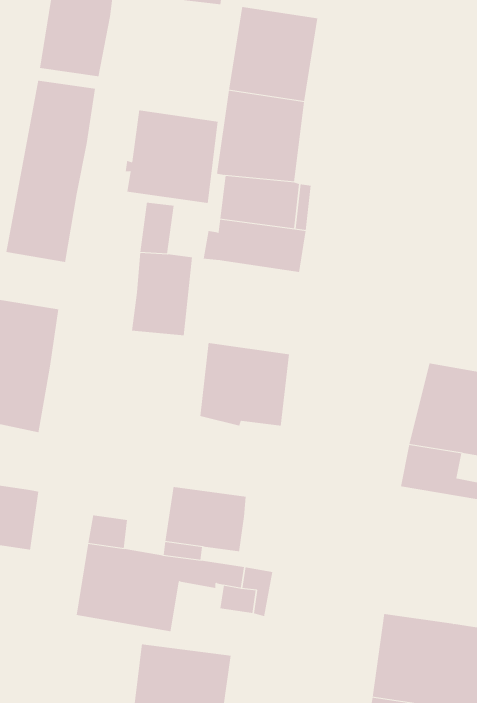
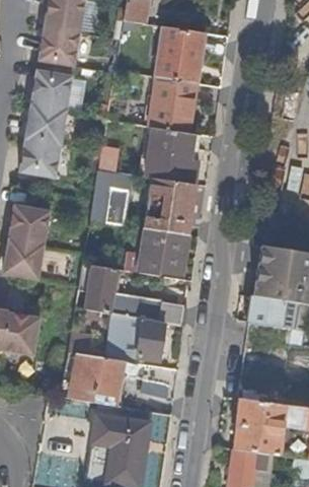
building: [125,110,219,204] -> [138,182,195,238]
building: none -> [81,269,182,327]

